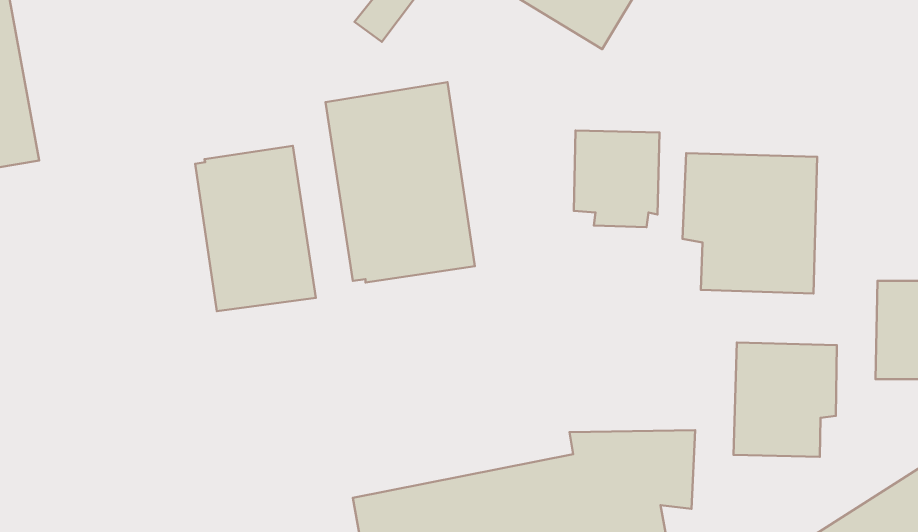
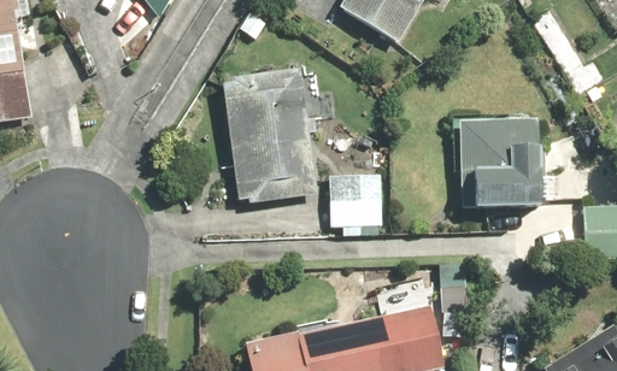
building: [574,131,659,227] -> [329,172,386,236]
building: [195,146,316,311] -> none
building: [734,342,837,457] -> none

